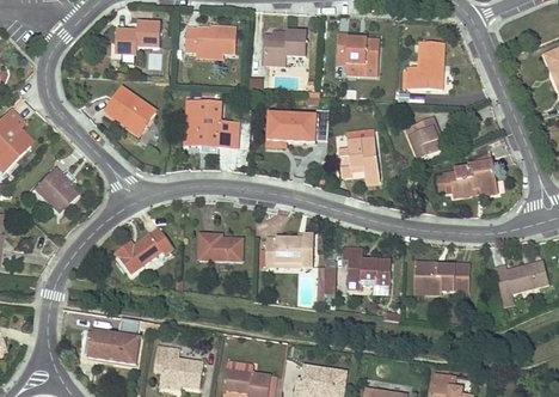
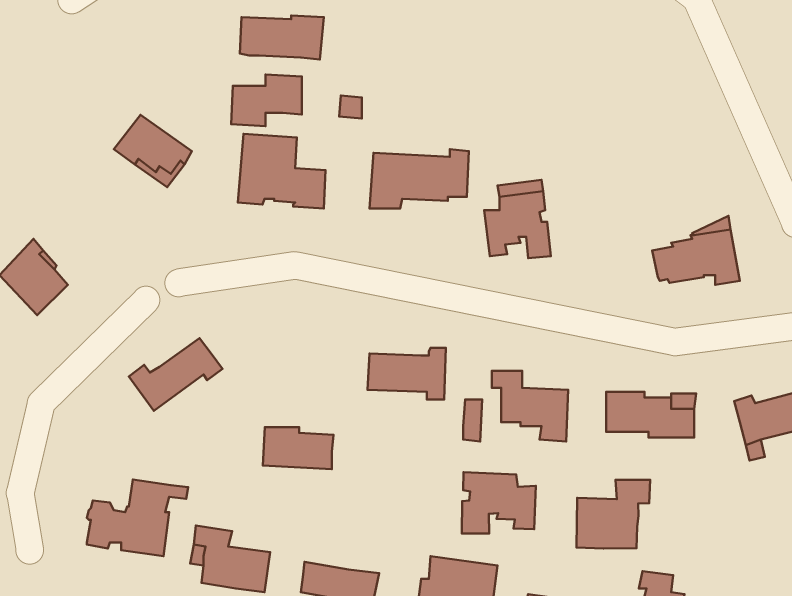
building: [115,23,159,55] -> [231,74,302,126]
building: [263,30,306,60] -> none
building: [336,32,377,75] -> none
building: [401,41,444,90] -> none
building: [405,116,442,159] -> none
building: [198,234,242,261] -> [263,427,334,469]
building: none -> [462,472,536,534]
building: none -> [577,480,650,548]

